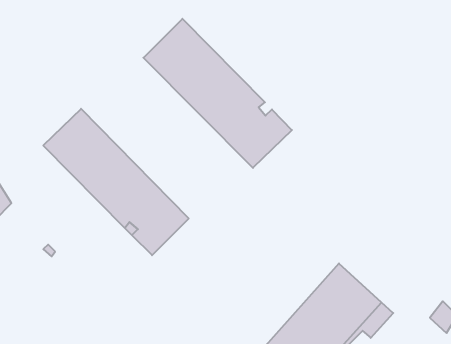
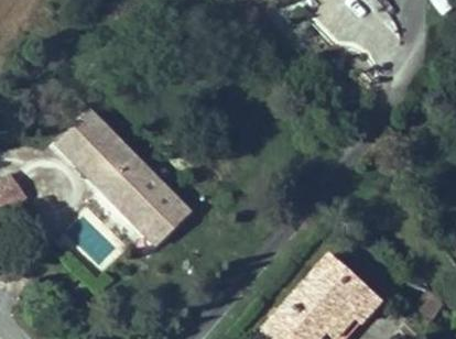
building: [143,19,292,168] -> none

